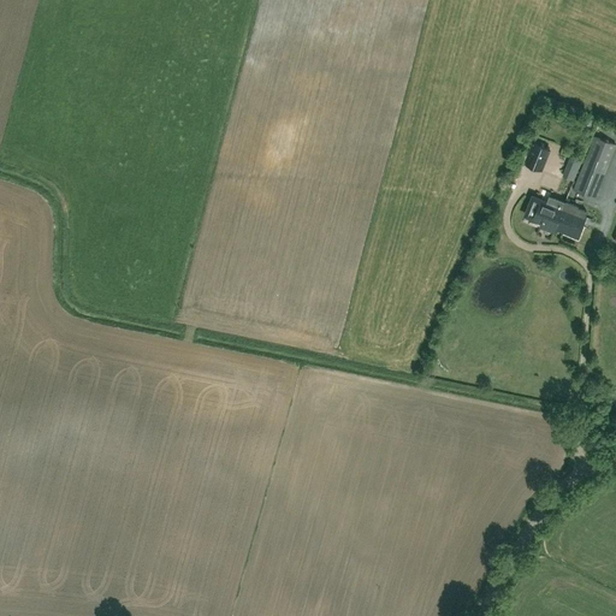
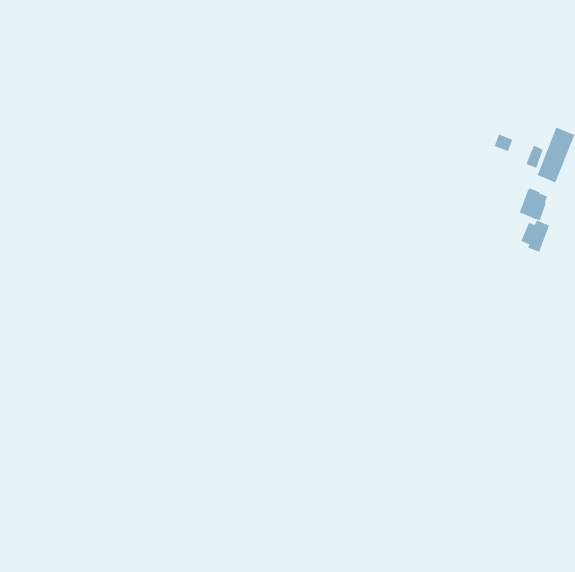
building: [533,199,564,233] -> [521,220,550,252]

